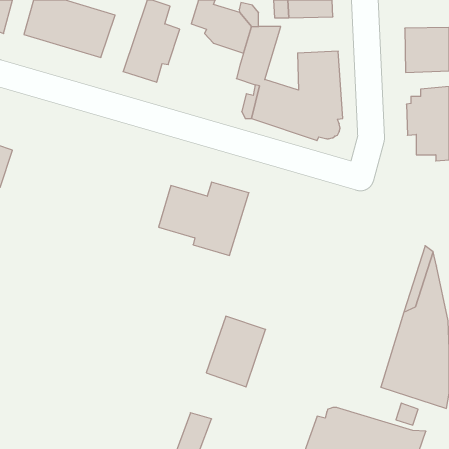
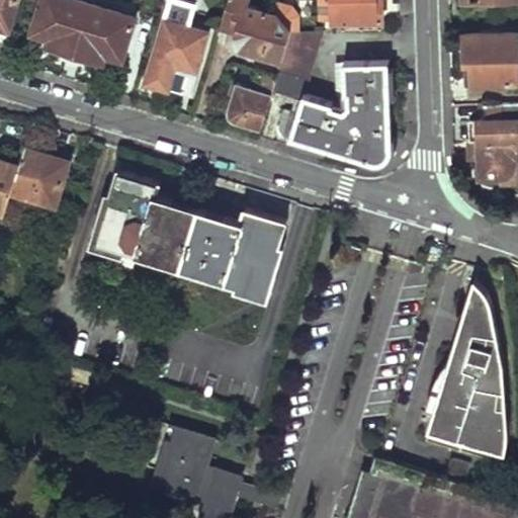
building: none -> [227,73,274,130]
building: none -> [10,151,67,206]
building: none -> [95,175,195,263]
building: [206,316,266,387] -> [153,428,221,509]

